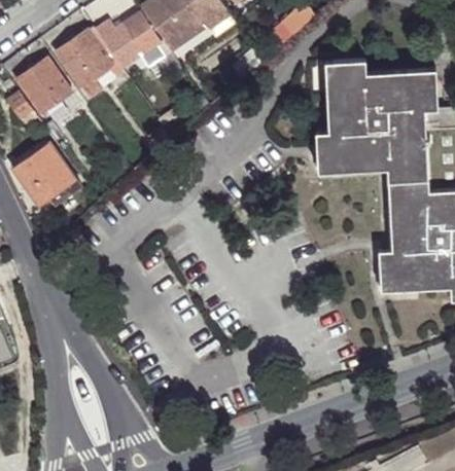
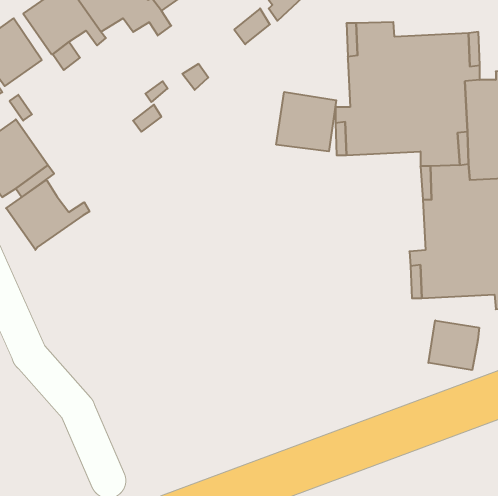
building: none -> [276,92,336,151]
building: none -> [6,180,89,250]
building: none -> [428,320,479,370]

